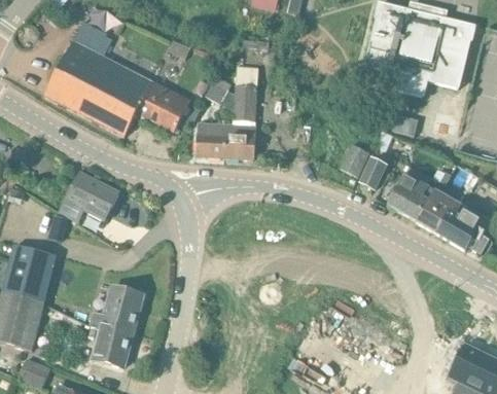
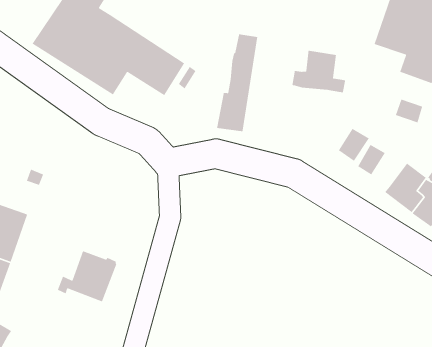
building: none -> [292,50,346,93]
building: [205,76,233,111] -> none
building: [196,121,227,158] -> none
building: [62,171,119,220] -> none
building: [91,323,134,368] -> none

